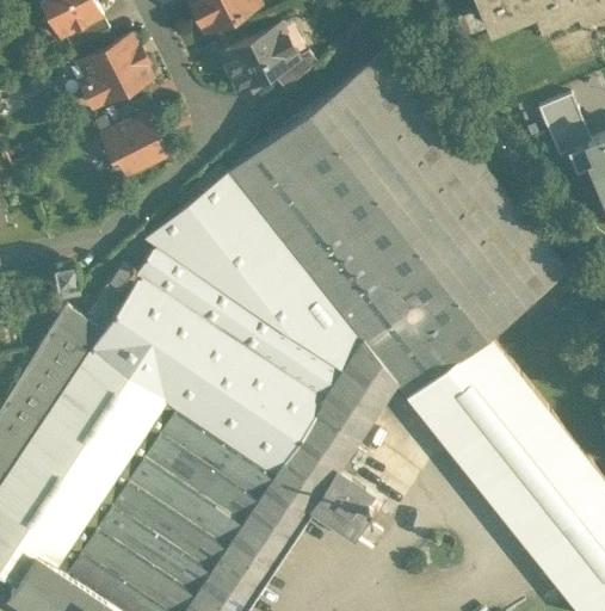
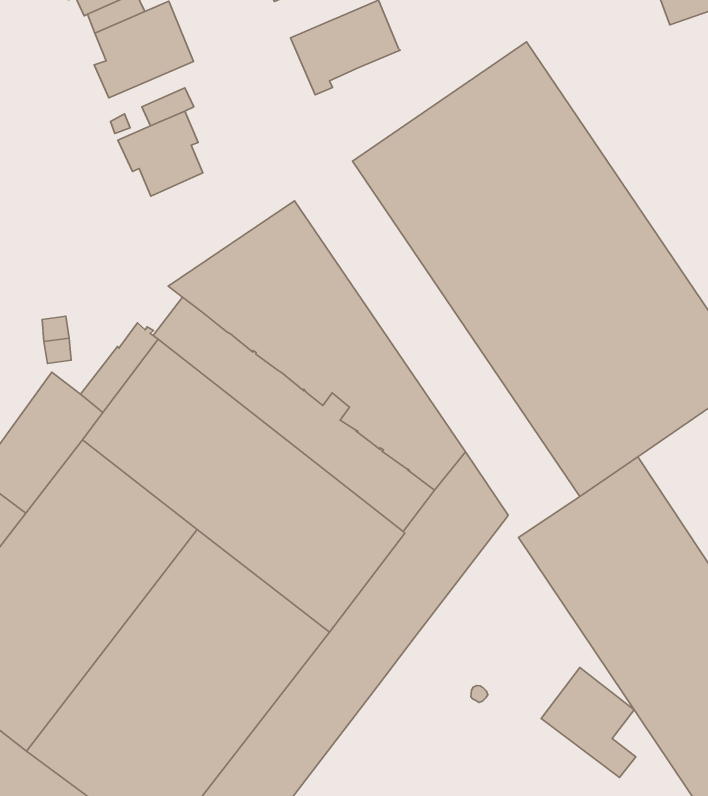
building: [270,51,316,91] -> none
building: [230,140,447,400] -> none
building: [313,474,382,550] -> [541,668,636,778]

